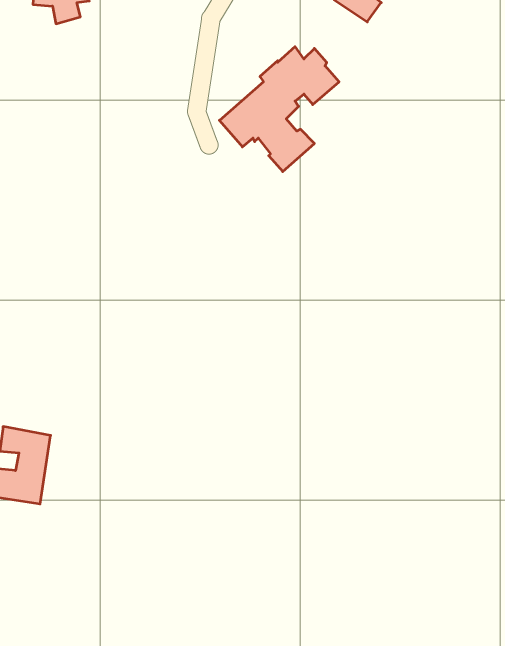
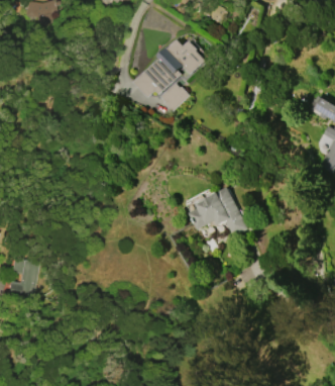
building: none -> [188,187,249,236]

